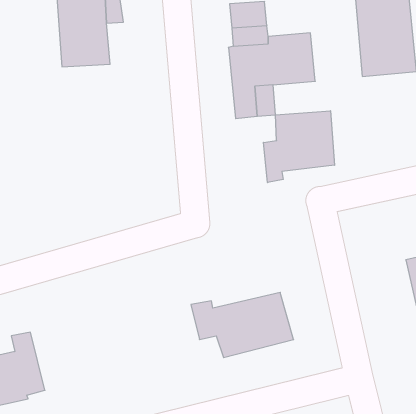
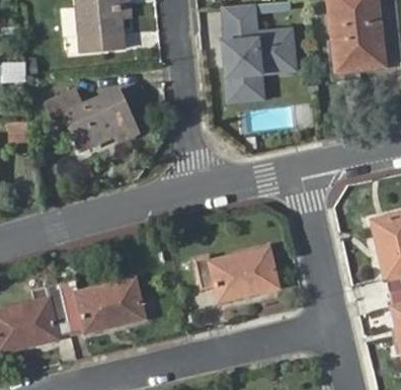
building: none -> [50,93,138,151]
building: [263,111,335,183] -> none
building: none -> [58,278,145,330]

